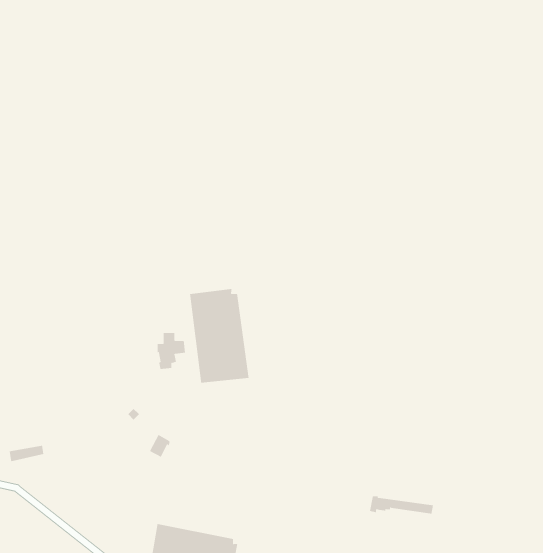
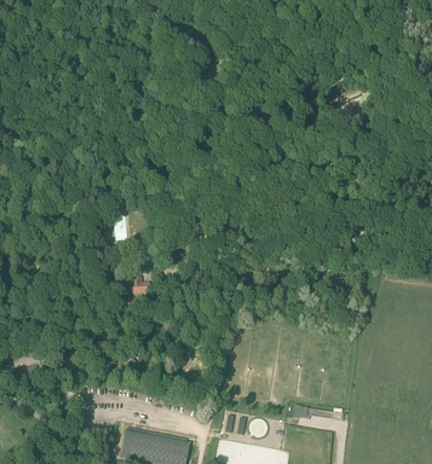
building: [190,288,249,384] -> none

